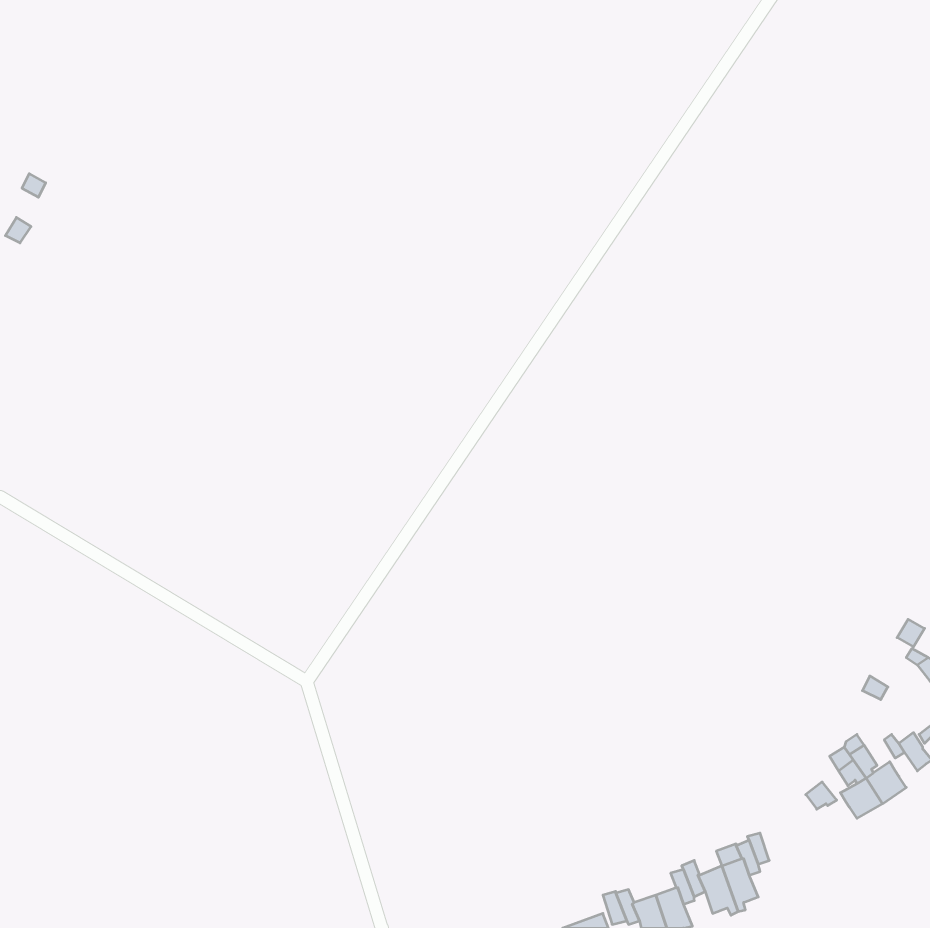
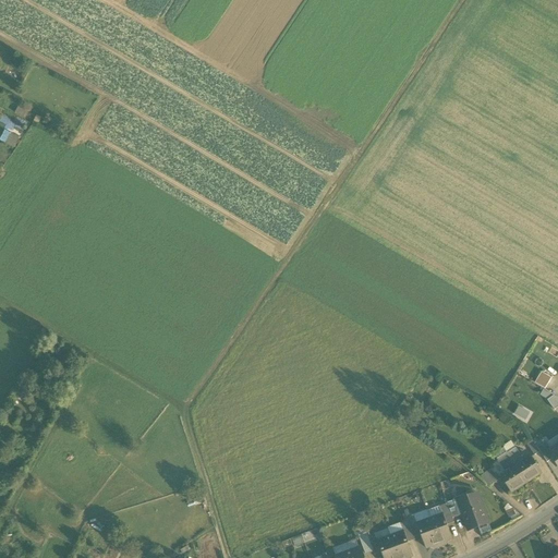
building: none -> [461,493,490,527]

